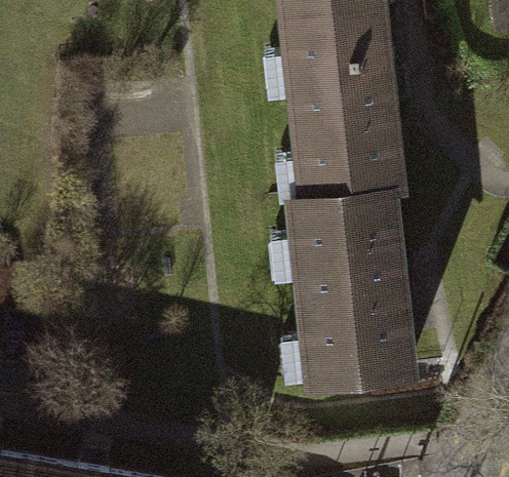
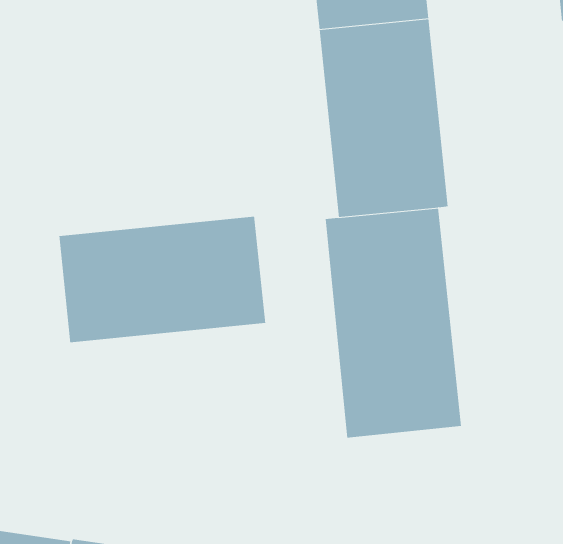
building: none -> [59,216,266,343]

